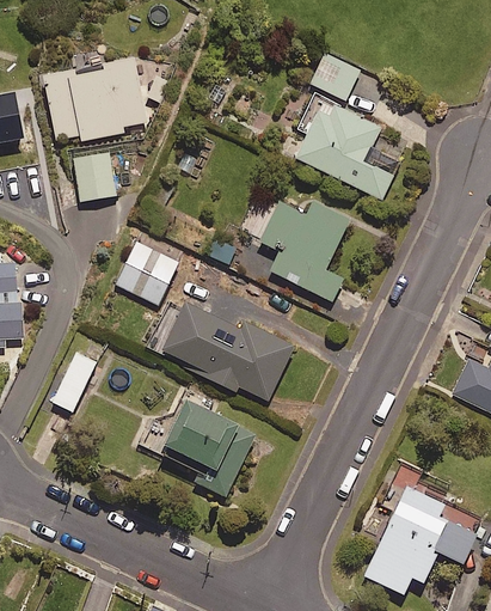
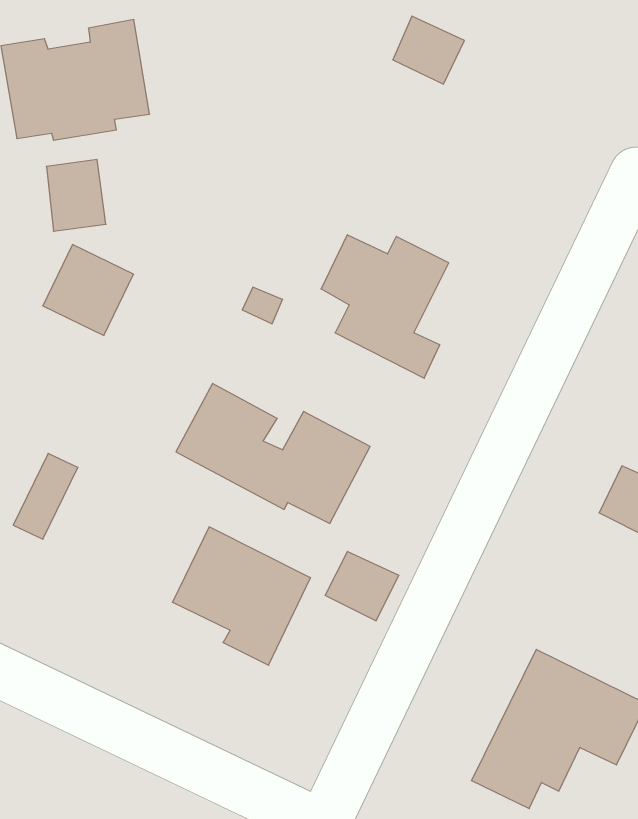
building: [294,94,393,200] -> none
building: [116,243,178,305] -> [43,245,134,336]
building: none -> [325,551,399,621]

